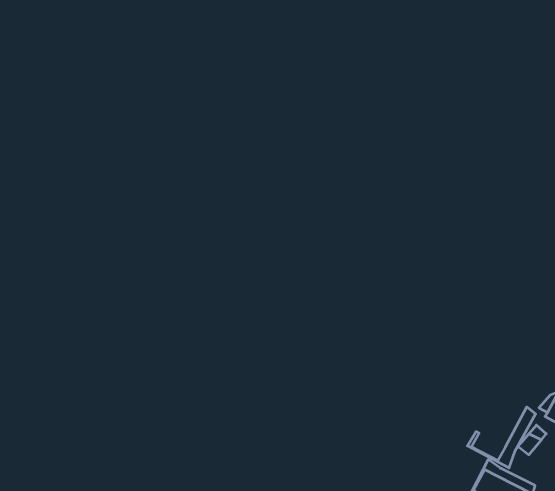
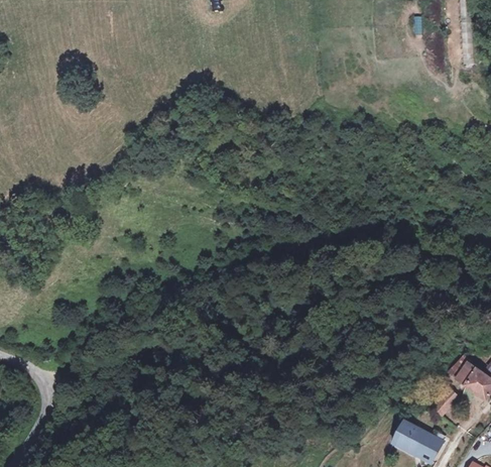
building: [467,407,536,468] -> none

